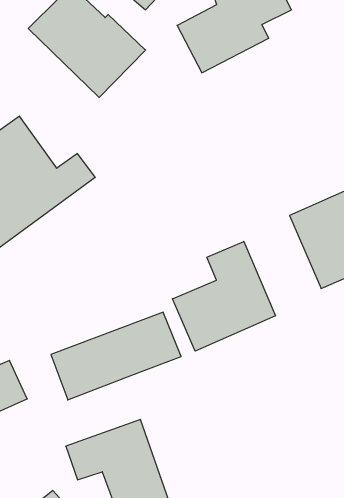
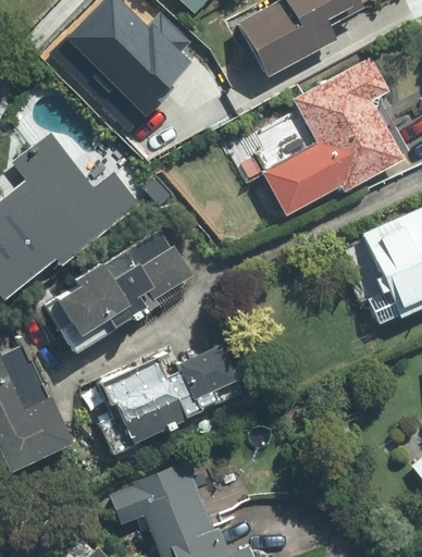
building: none -> [260,57,401,221]
building: none -> [44,228,186,350]
building: [172,241,275,351] -> none

